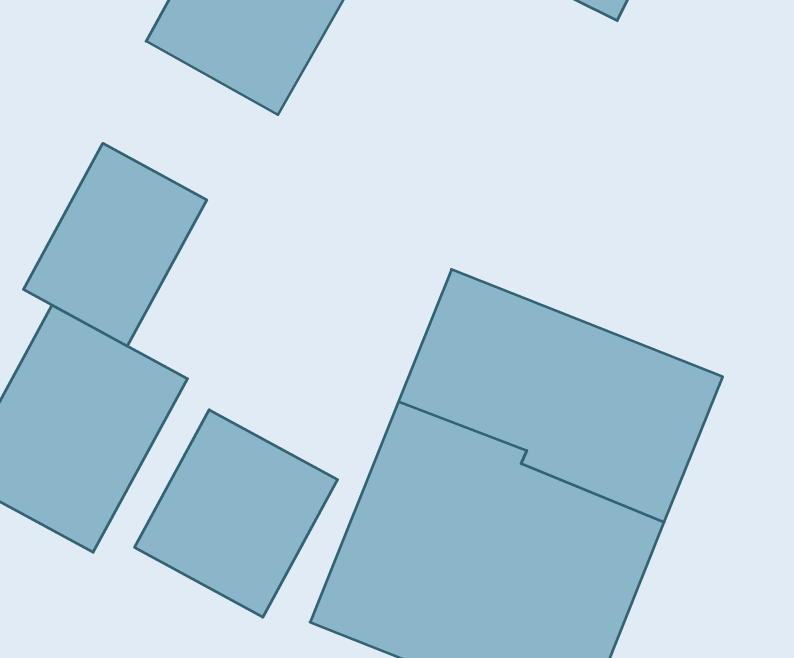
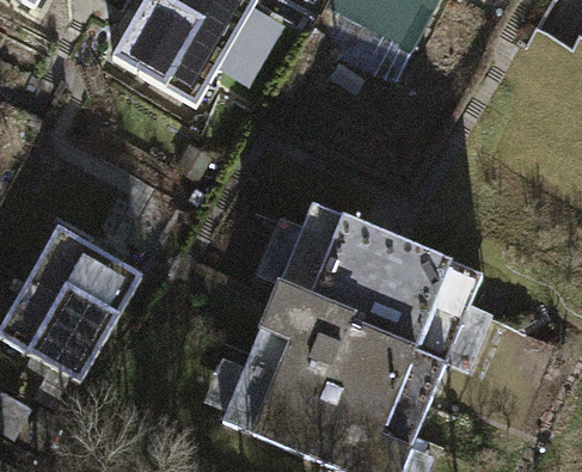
building: [23,143,207,346] -> none
building: [135,410,338,617] -> none

